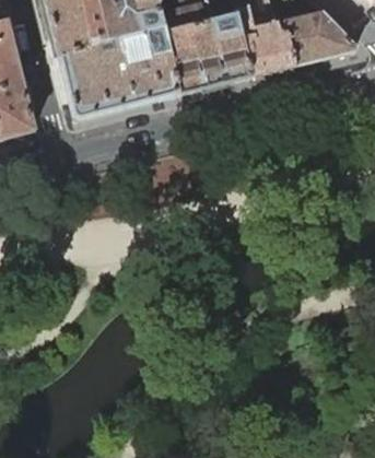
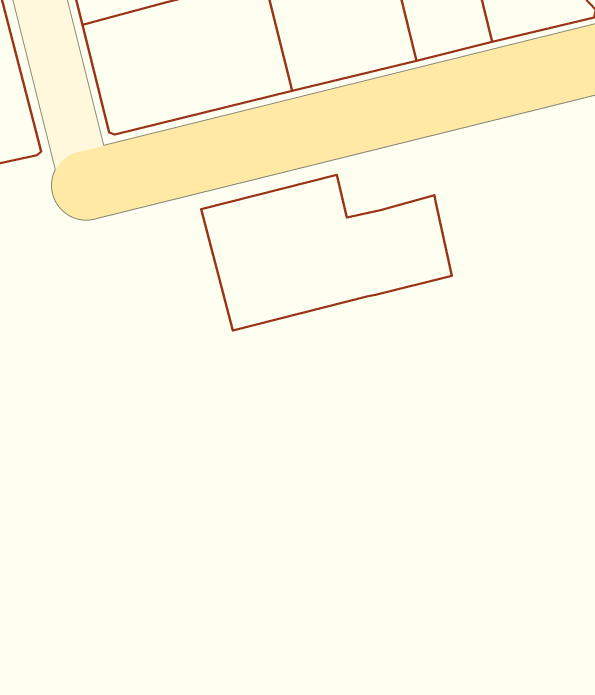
building: none -> [201,175,452,331]

